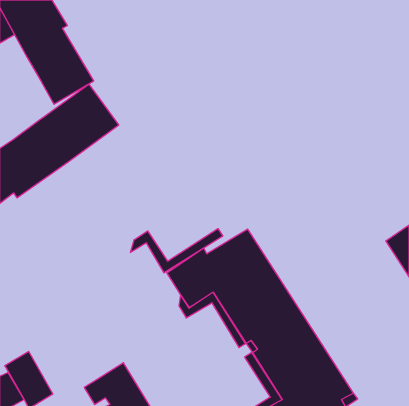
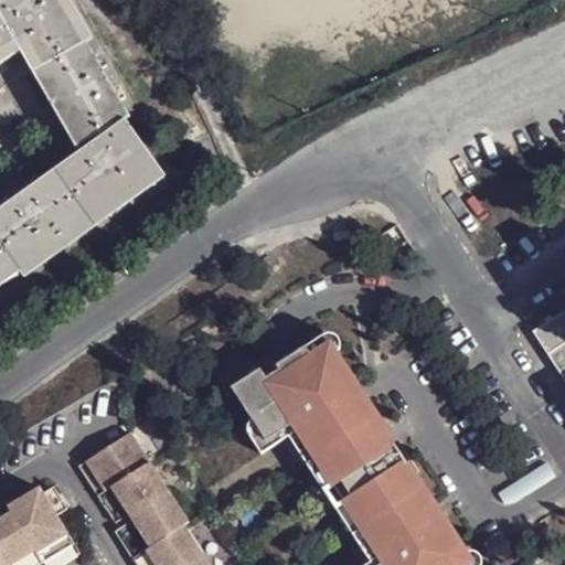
building: [130,229,223,273] -> none
building: none -> [83,444,170,527]

